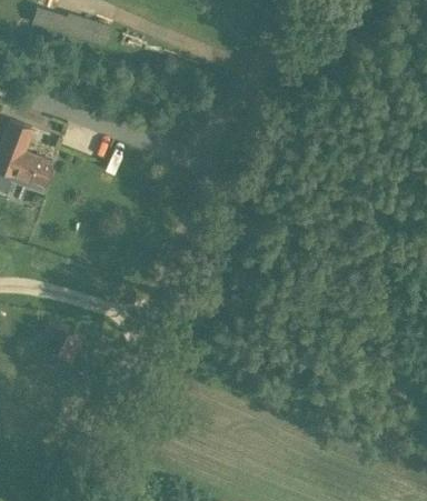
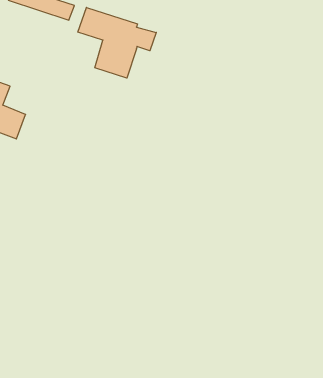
building: none -> [78,7,156,78]

